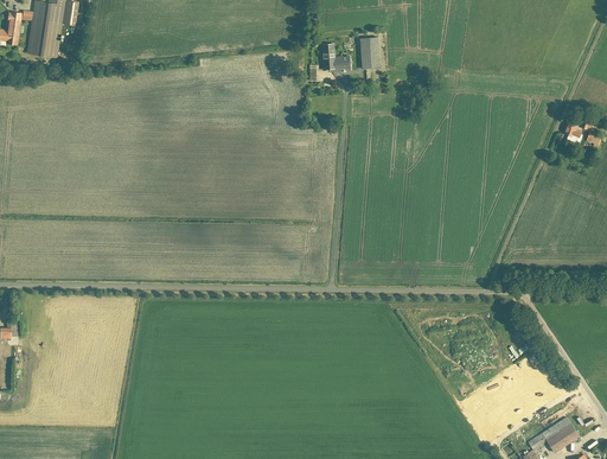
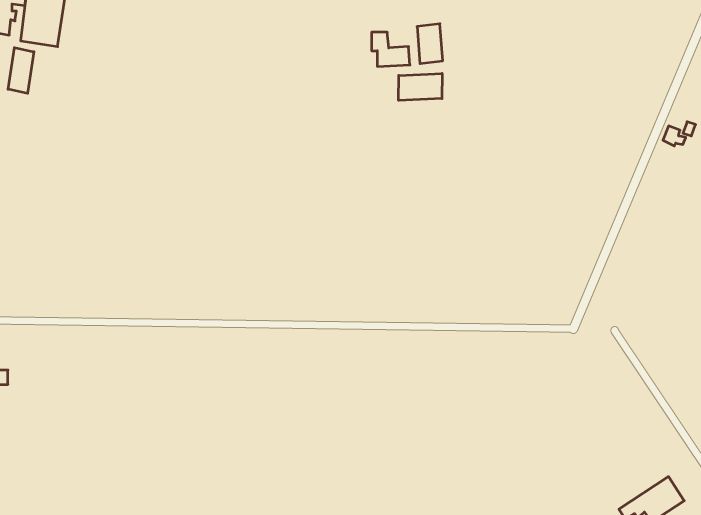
building: none -> [8,48,34,93]
building: none -> [399,73,442,100]

